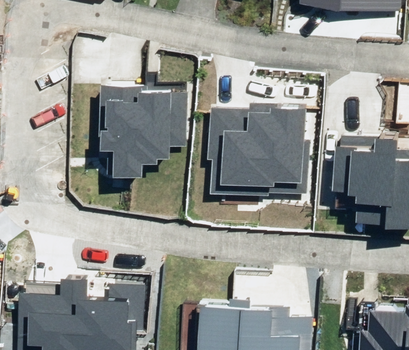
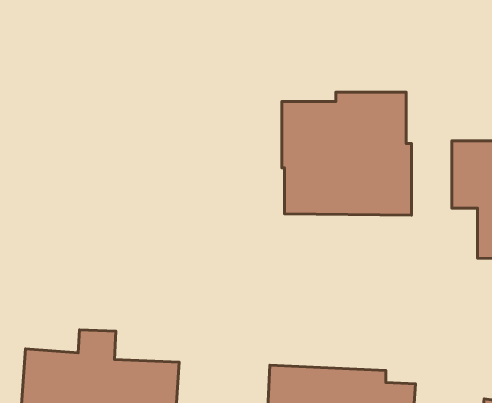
building: [99,83,183,175] -> none

